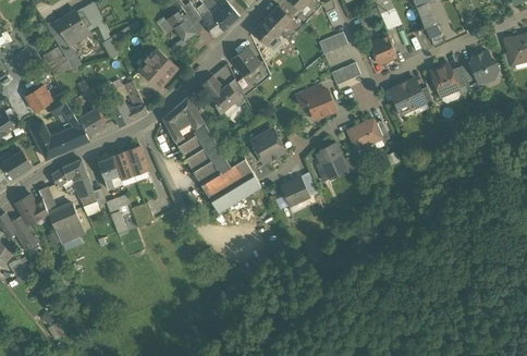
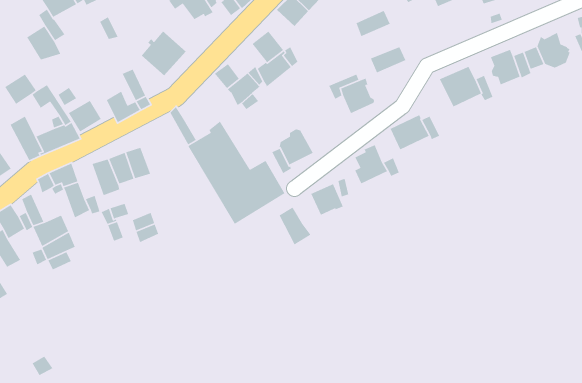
building: [370,35,396,64] -> none
building: [169,96,206,132] -> none
building: none -> [279,207,311,245]

